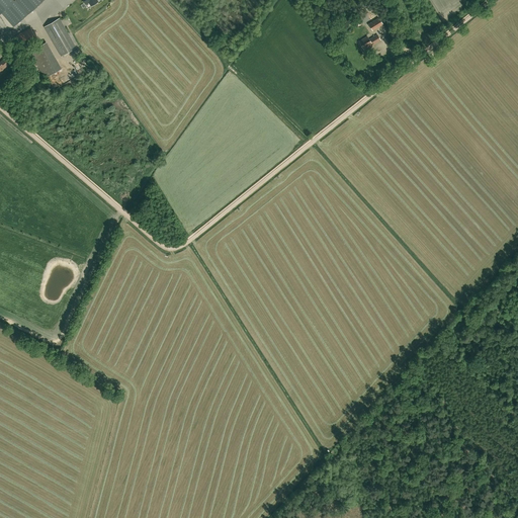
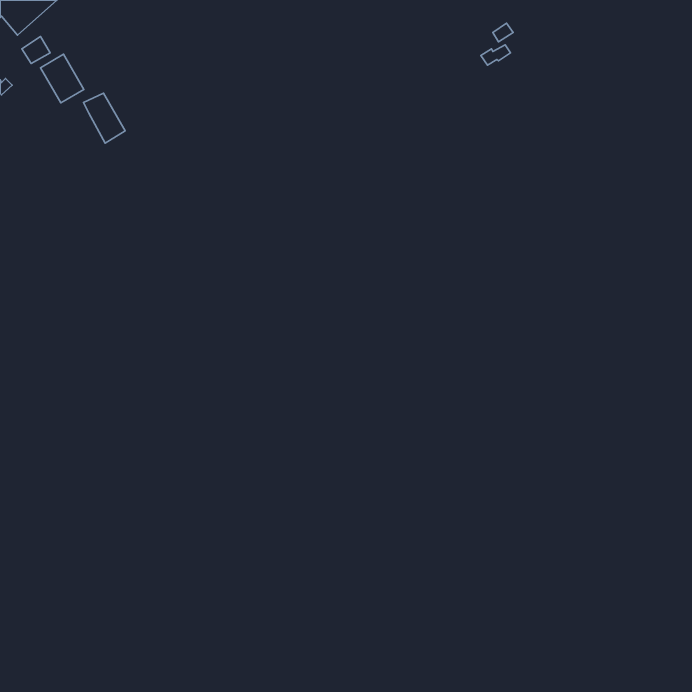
building: [45,19,76,57] -> [83,93,125,143]

